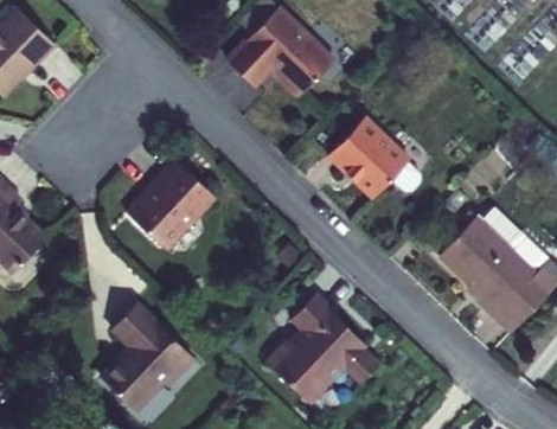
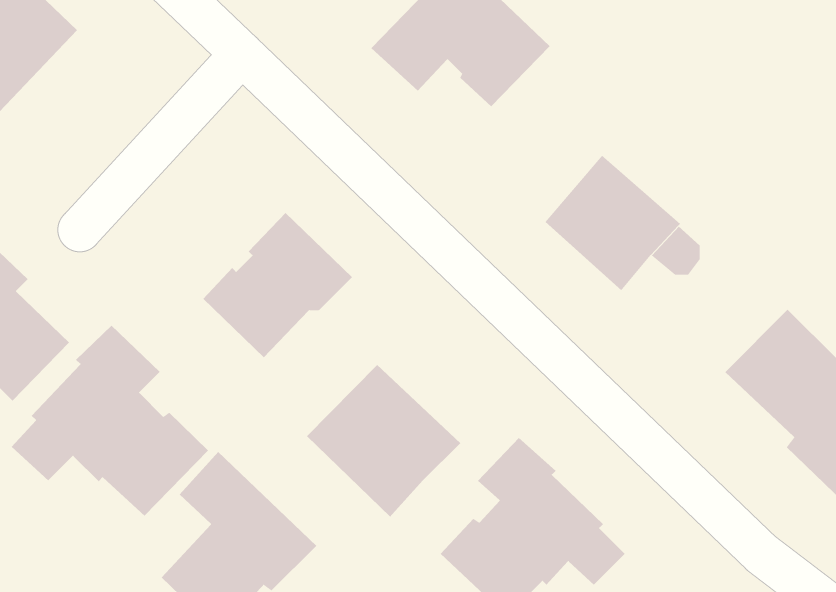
building: none -> [11,325,209,517]
building: none -> [306,364,461,517]

